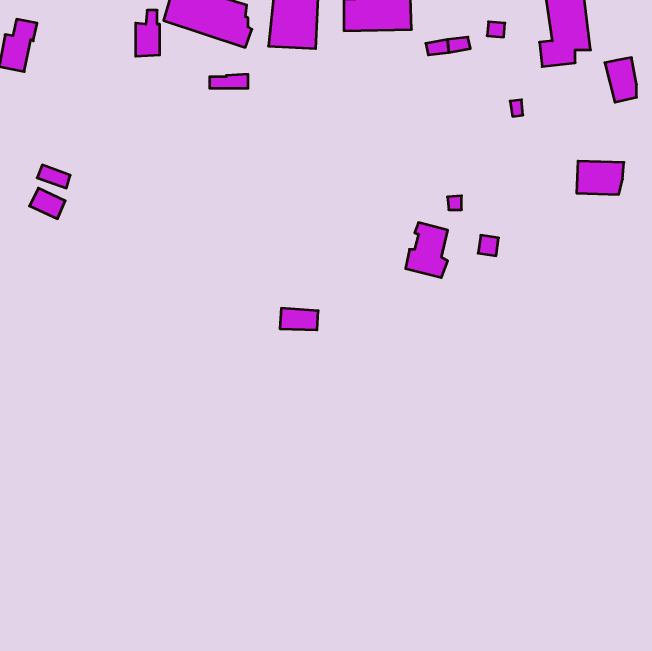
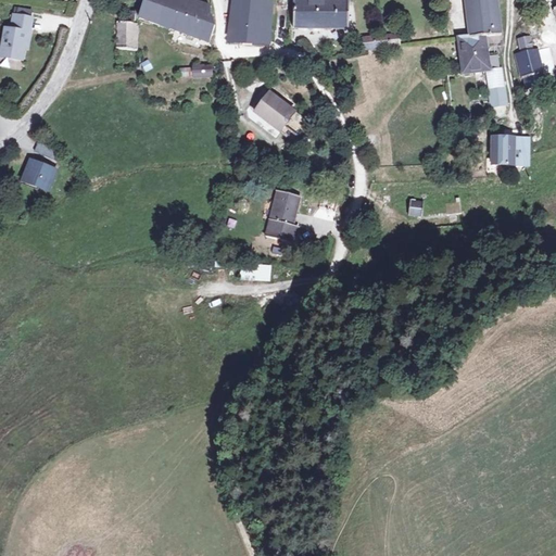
building: none -> [460,53,505,104]
building: none -> [253,93,307,141]
building: [406,223,448,278] -> [264,191,300,238]

